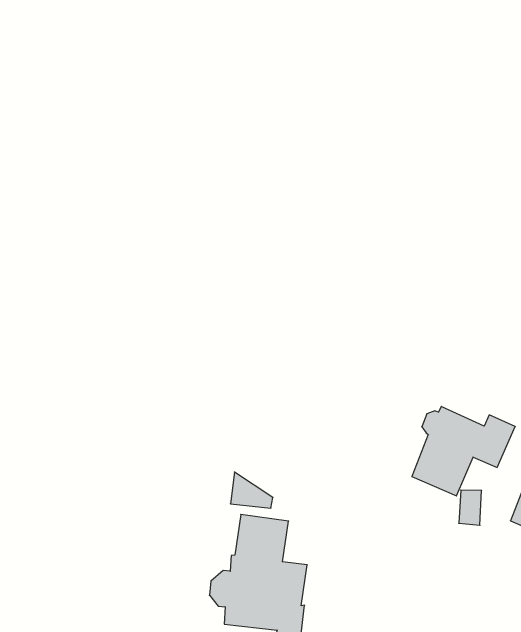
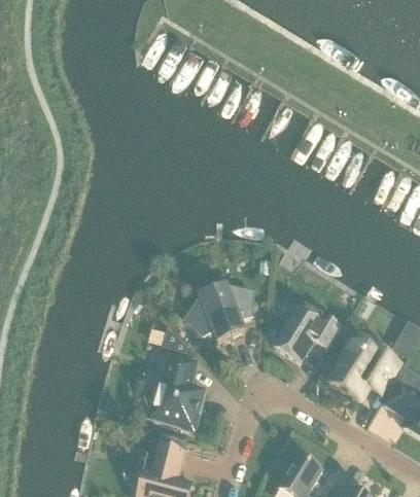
building: none -> [186,279,253,341]

